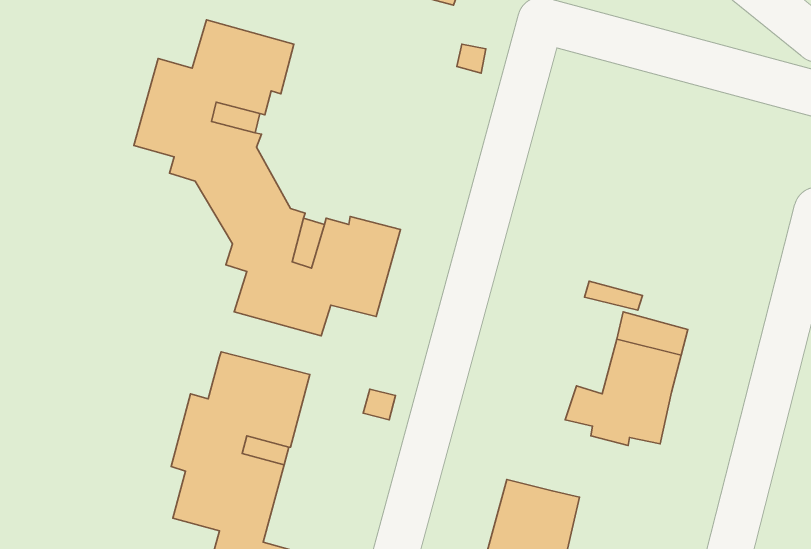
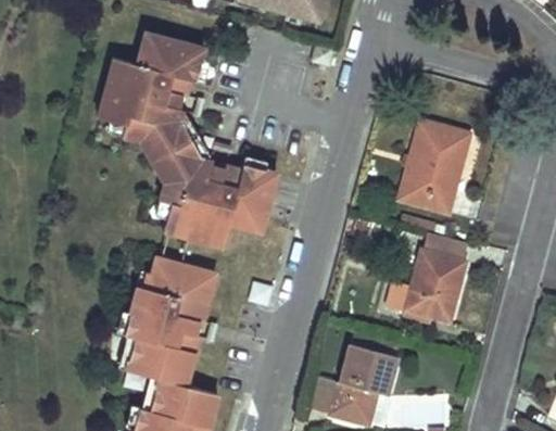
building: none -> [400,119,470,211]

